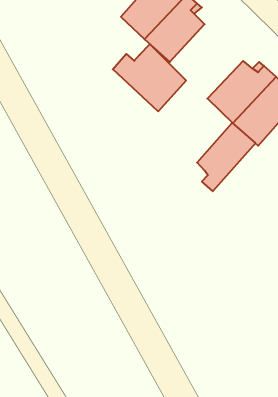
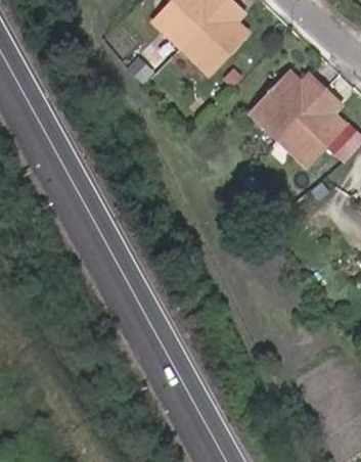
building: [113,44,186,111] -> none
building: [197,123,255,191] -> none

